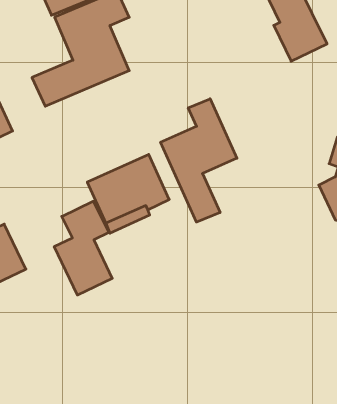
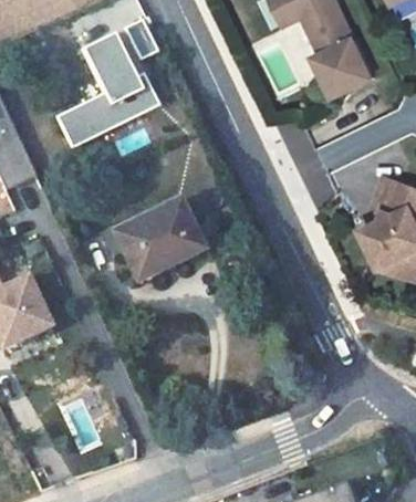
building: [161,99,237,222] -> none
building: [54,201,112,295] -> none

